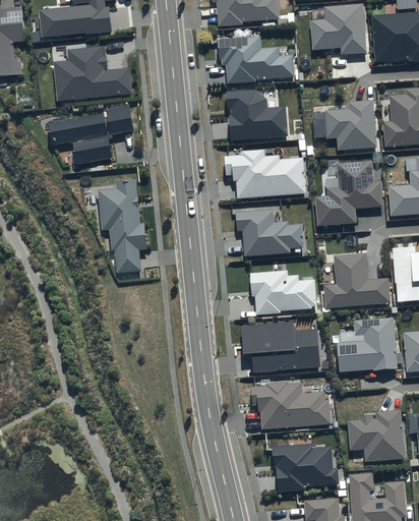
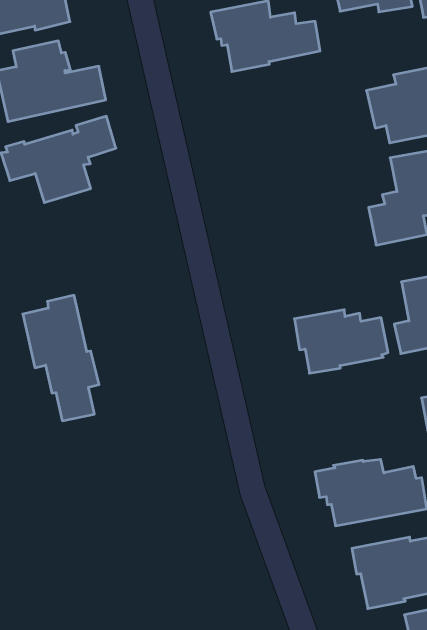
building: [226,89,288,140] -> none
building: [224,149,305,197] -> none
building: [97,180,146,272] -> [23,295,99,421]
building: [235,209,303,255] -> none
building: [242,322,320,373] -> none

